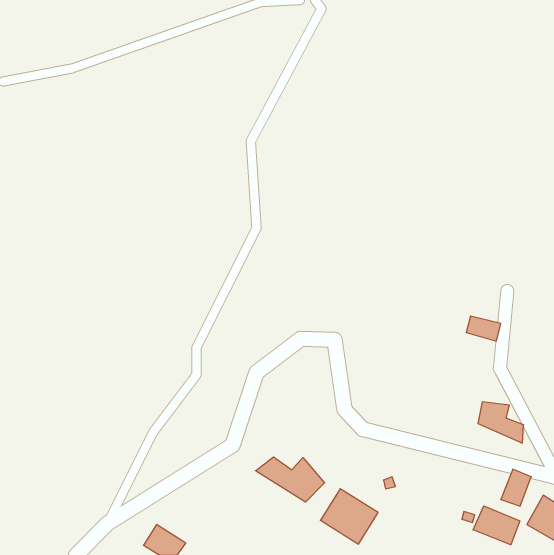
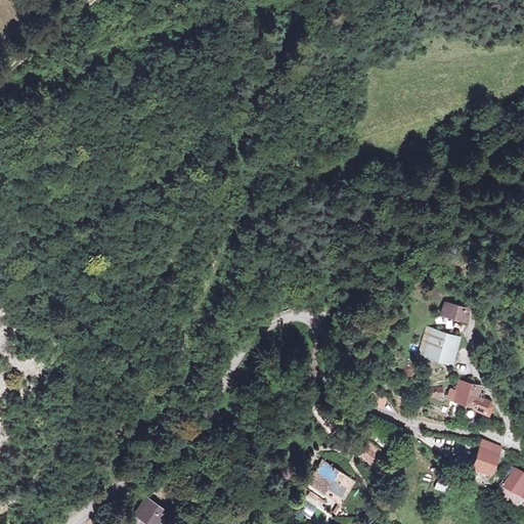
building: none -> [420,330,461,367]
building: [255,457,325,502] -> none
building: [473,506,520,545] -> none

